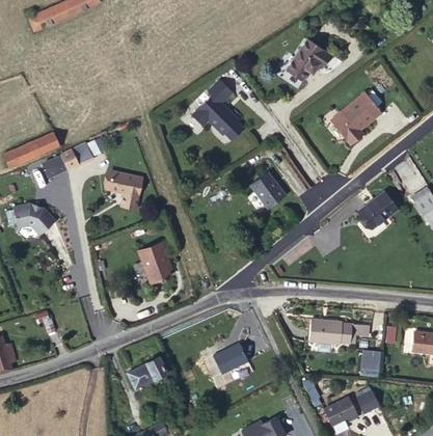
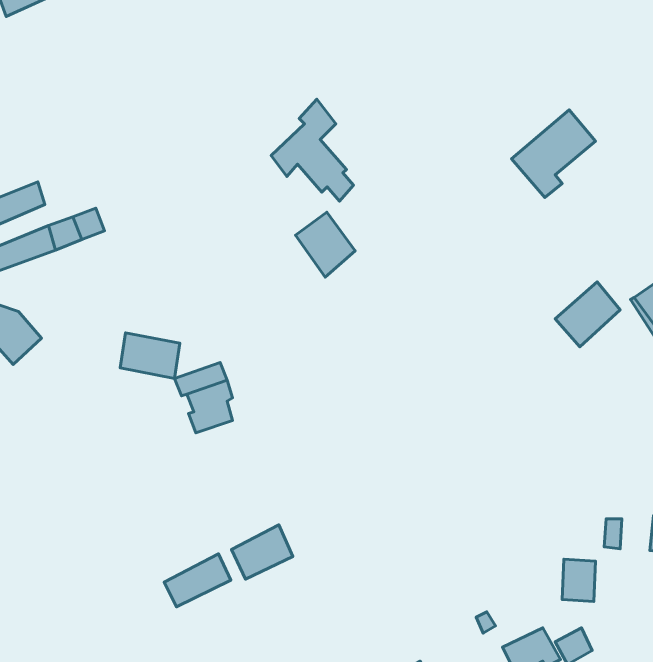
building: [289,39,333,83] -> none
building: [104,169,139,196] -> [120,333,180,378]
building: [247,171,282,210] -> [295,212,355,277]
building: [312,318,354,343] -> none
building: [211,339,247,372] -> [232,525,293,579]

